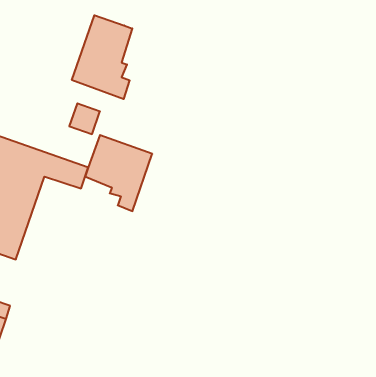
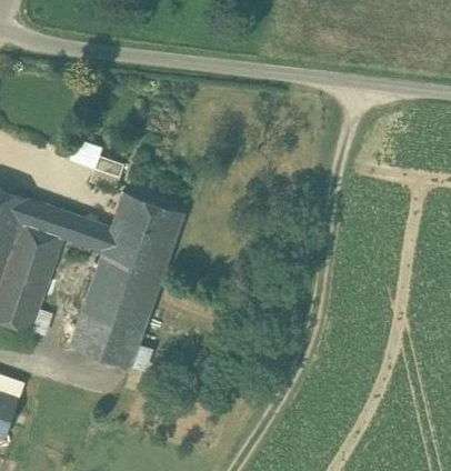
building: [72,15,132,99] -> none
building: none -> [70,239,161,367]

